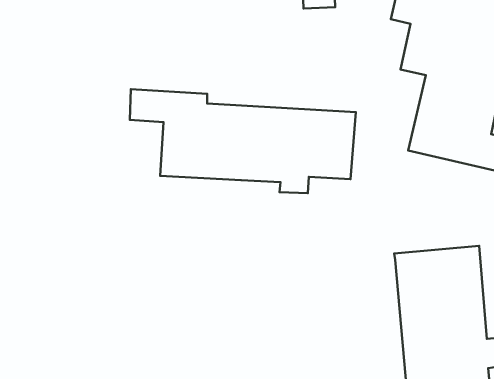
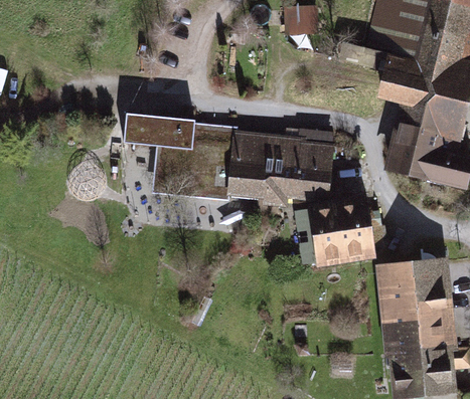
building: none -> [310,196,378,265]

